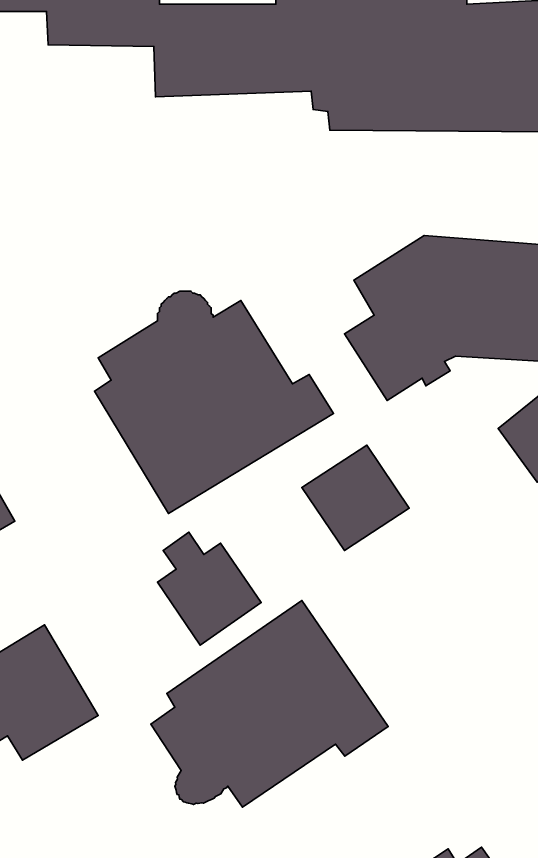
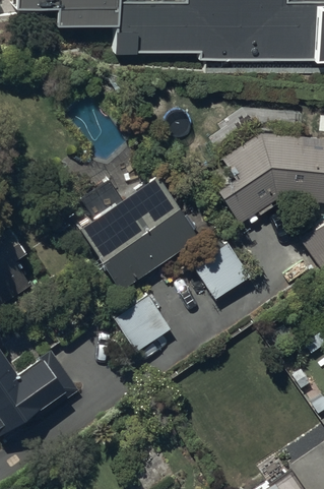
building: [151,601,388,807] -> none

